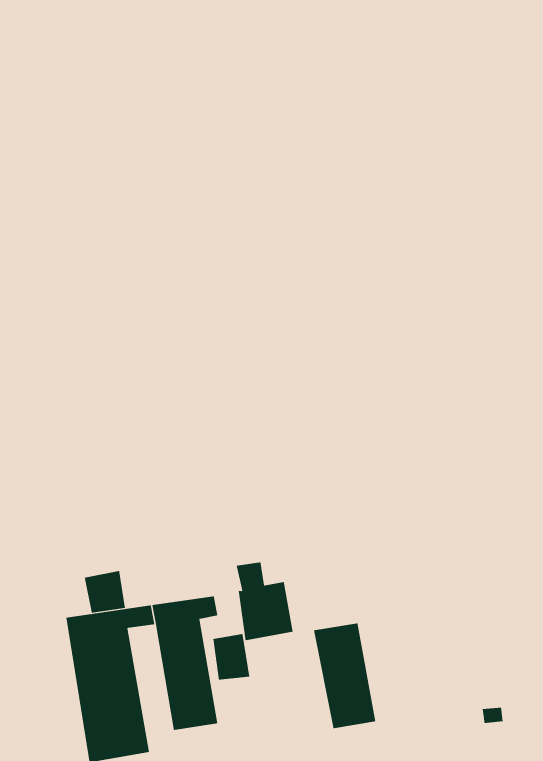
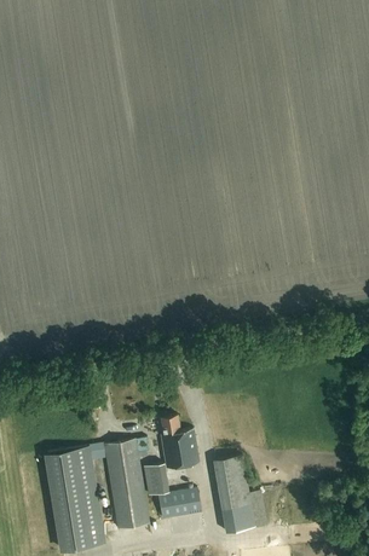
building: [84,570,126,614] -> none
building: none -> [158,490,202,521]

